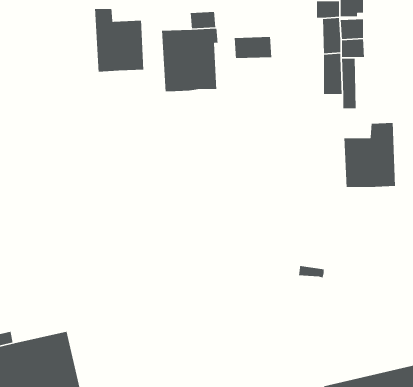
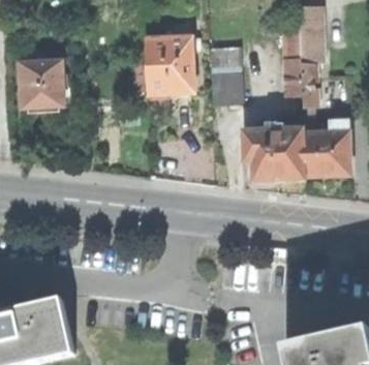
building: [94,8,144,72] -> [21,55,64,111]
building: none -> [213,73,244,105]
building: none -> [244,125,306,182]

